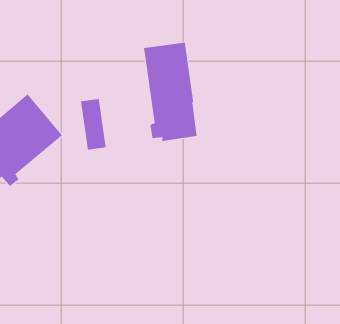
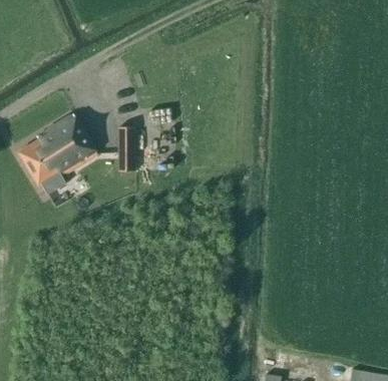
building: [144,42,197,142] -> none

